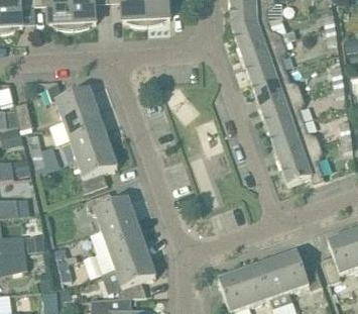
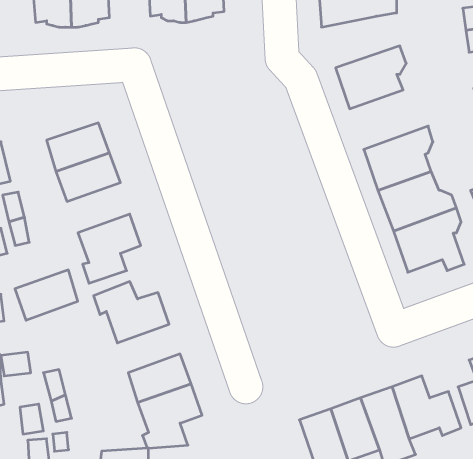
building: [232,20,282,54] -> none
building: [250,68,301,106] -> none
building: [69,127,109,160] -> [15,270,78,320]
building: [101,218,141,249] -> none

